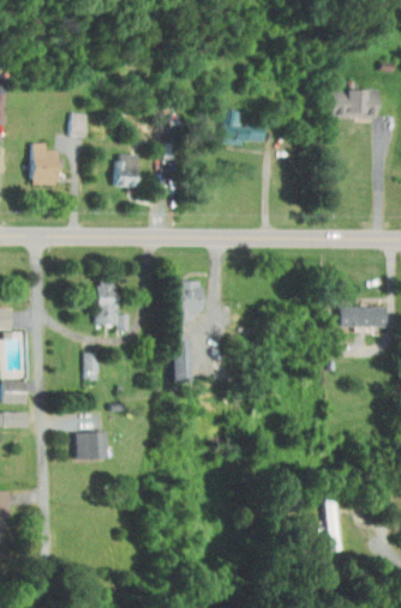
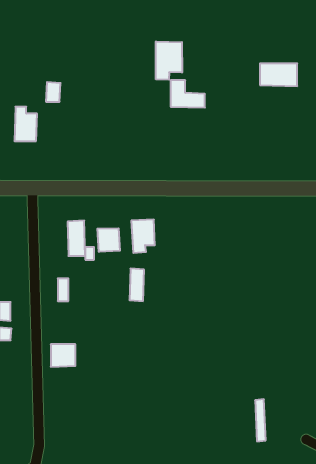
building: none -> [156,41,182,80]
building: [115,152,138,187] -> none
building: none -> [97,228,120,252]
building: [339,306,385,326] -> none

